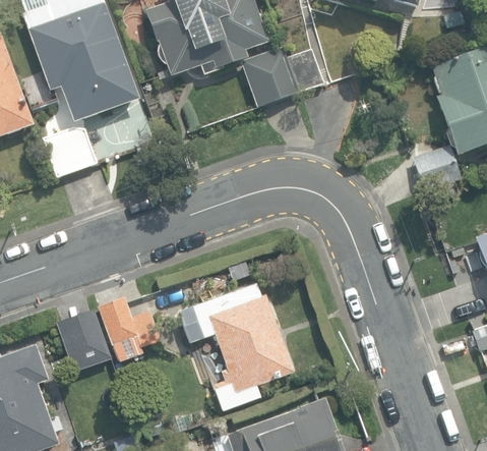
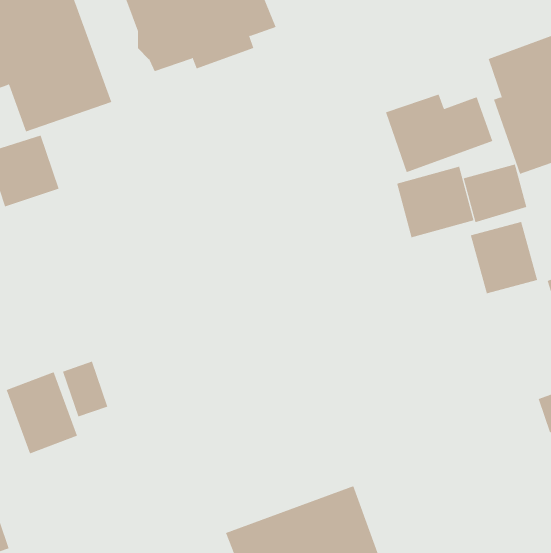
building: [241,46,324,107] -> [385,94,493,173]
building: none -> [397,166,474,238]
building: none -> [470,221,538,294]
building: [187,282,293,410] -> none

